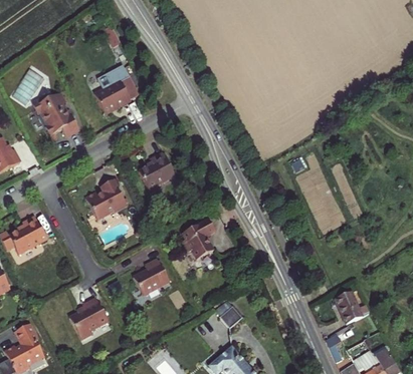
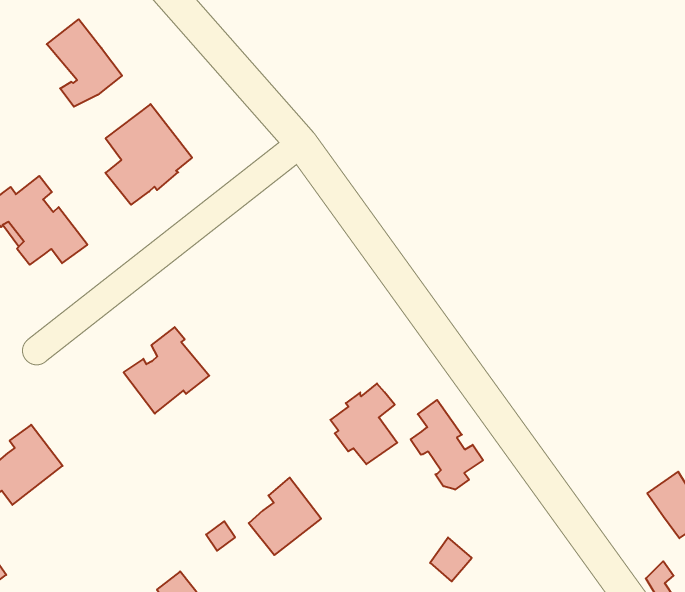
building: none -> [47,19,122,107]
building: [140,151,174,183] -> none
building: none -> [411,400,483,490]

